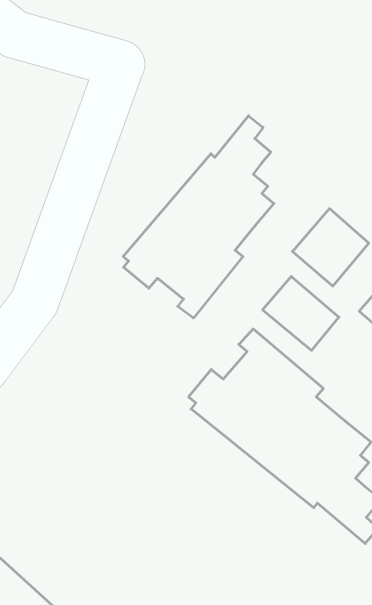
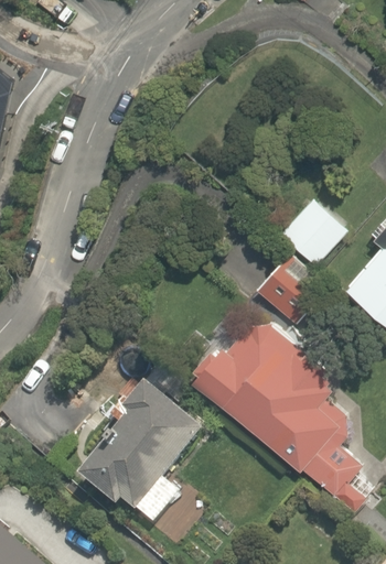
building: [123,116,274,318] -> none
building: none -> [56,390,201,516]

